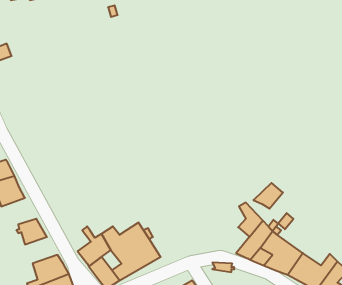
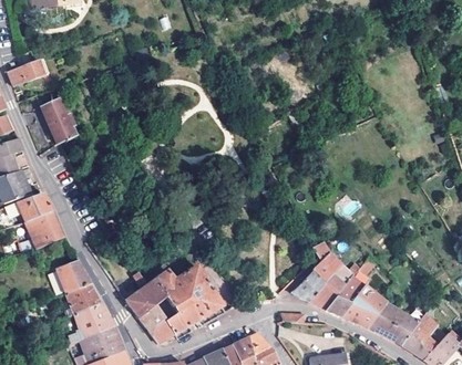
building: none -> [40,100,74,147]
building: [253,183,283,209] -> [290,272,325,302]
building: none -> [50,283,102,321]

